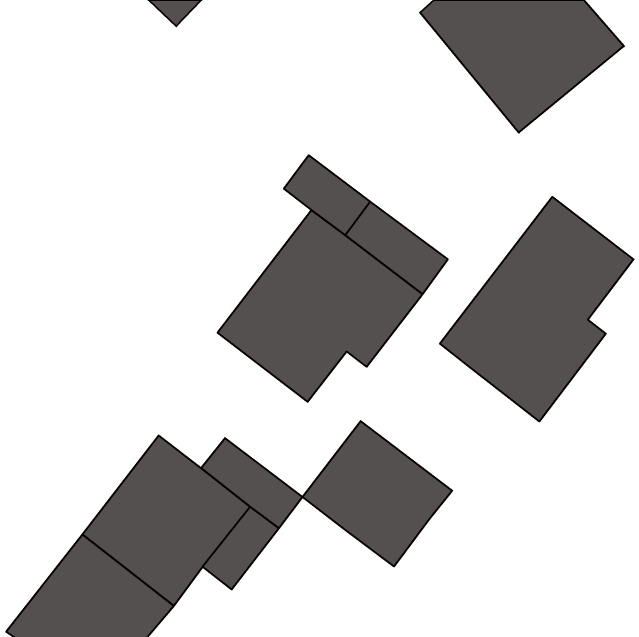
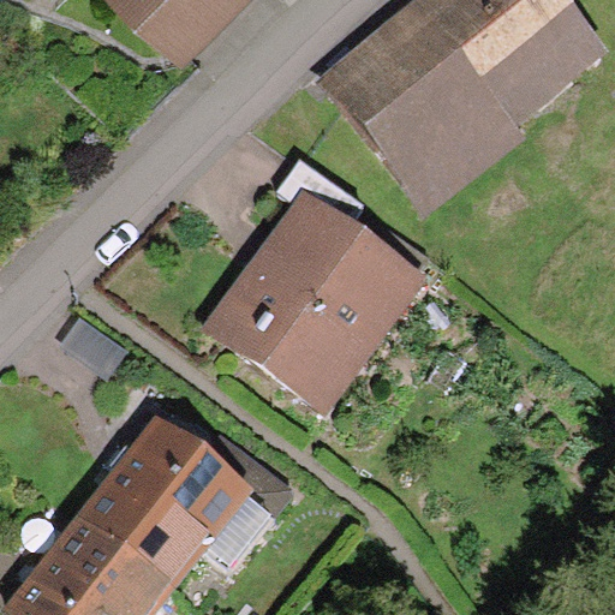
building: none -> [318,14,512,216]
building: [440,197,634,421] -> none
building: [303,421,452,566] -> none

